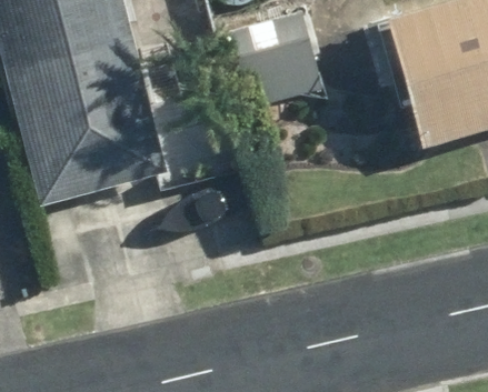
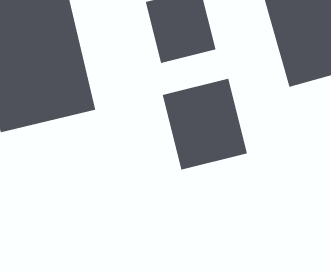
building: none -> [162,78,248,171]

